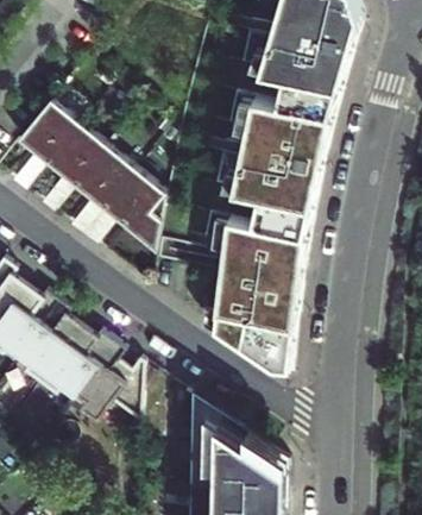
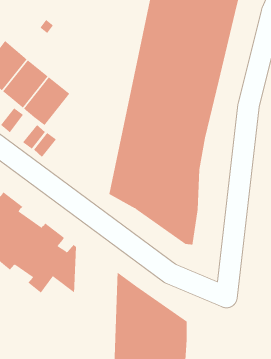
building: [101,167,165,249] -> none

